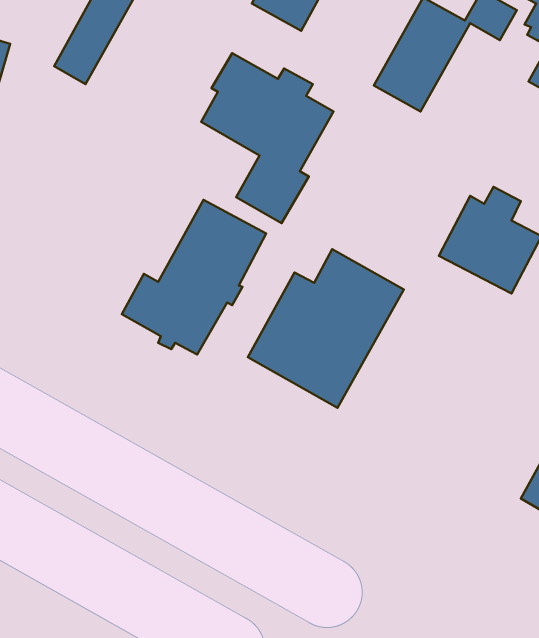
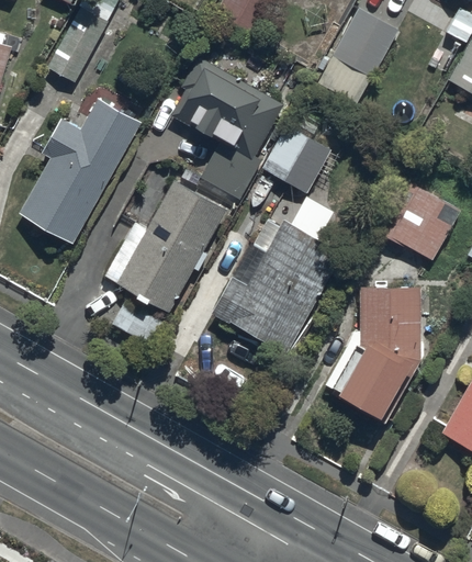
building: none -> [19,97,141,243]
building: none -> [261,126,330,193]
building: none -> [322,288,422,420]

